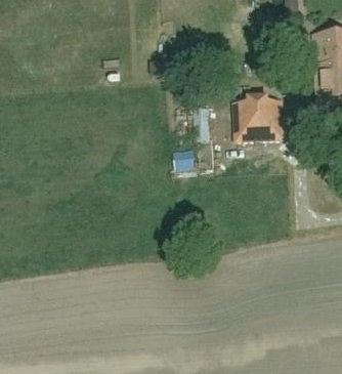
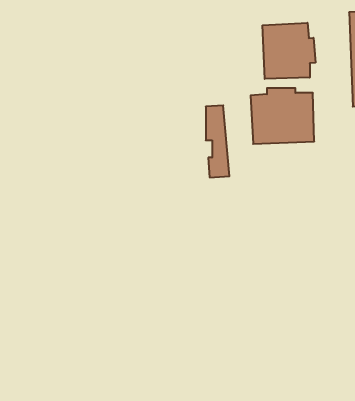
building: none -> [263,23,315,79]

